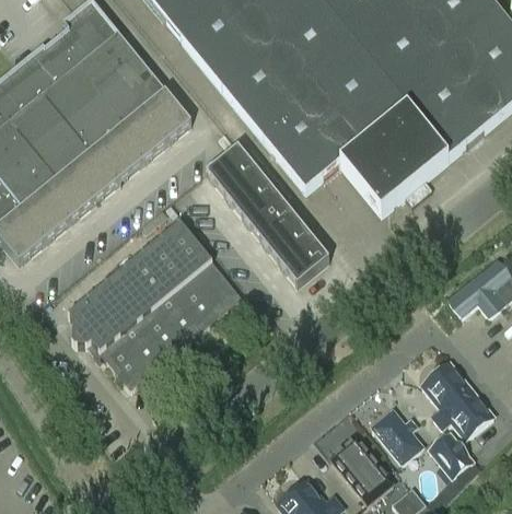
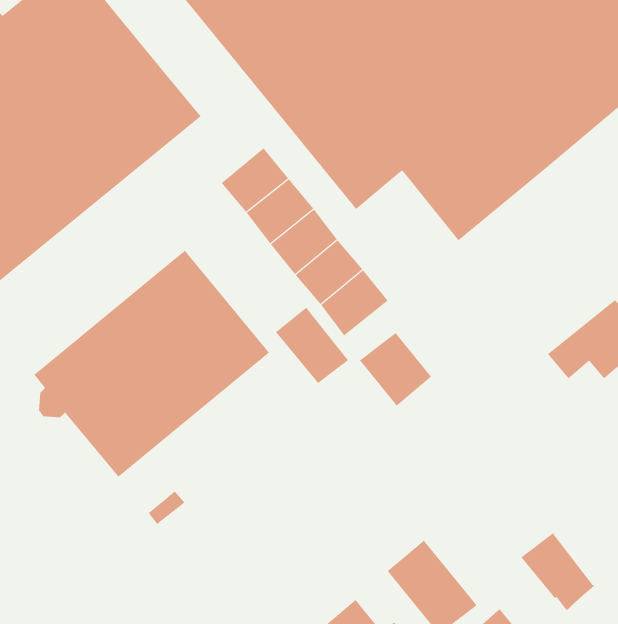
building: none -> [275,307,349,384]
building: none -> [359,332,432,407]
building: [422,361,494,436] -> none
building: [372,407,423,462] -> none

